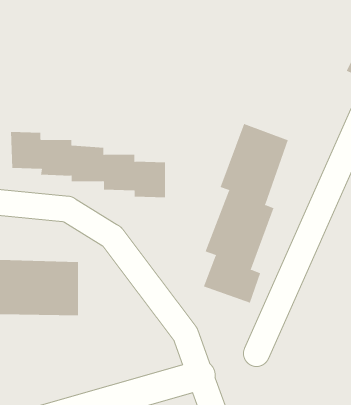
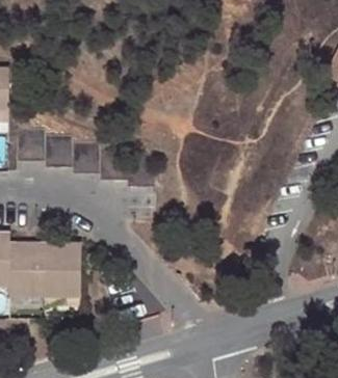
building: [203,123,289,303] -> none

